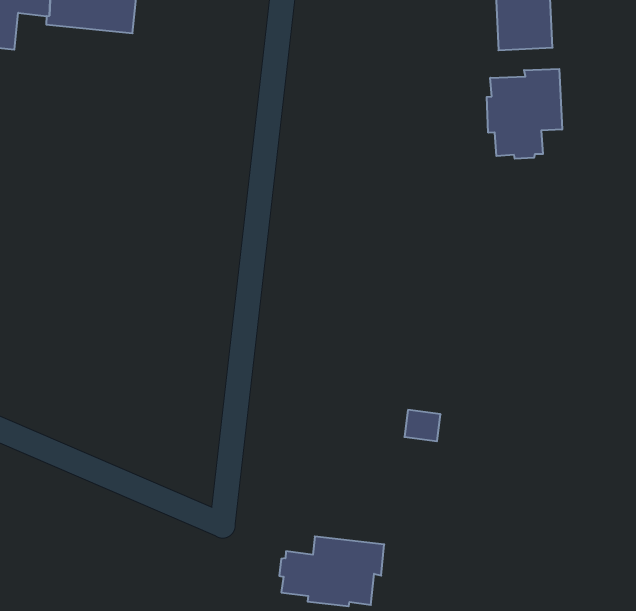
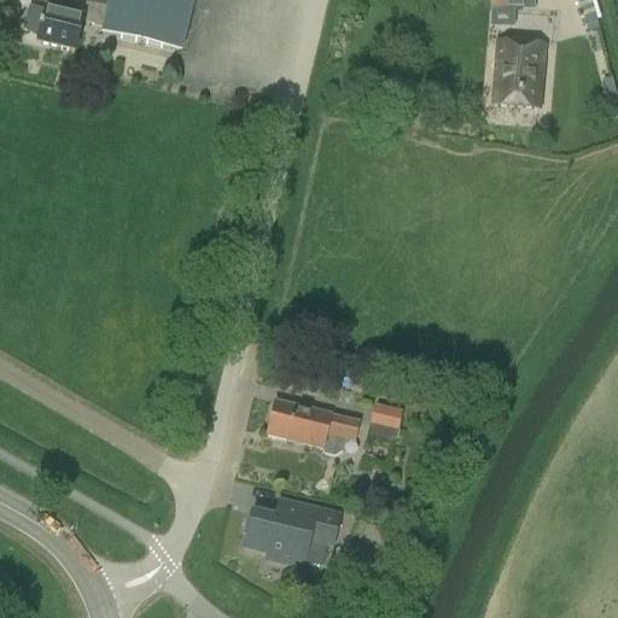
building: [487,69,562,159] -> none
building: none -> [267,398,361,454]

